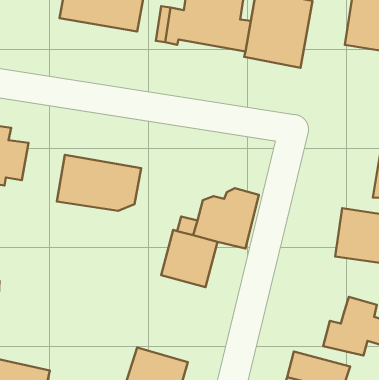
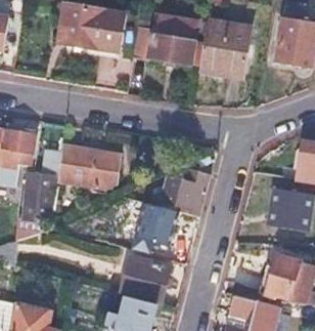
building: none -> [21,175,54,222]
building: none -> [122,257,171,304]

